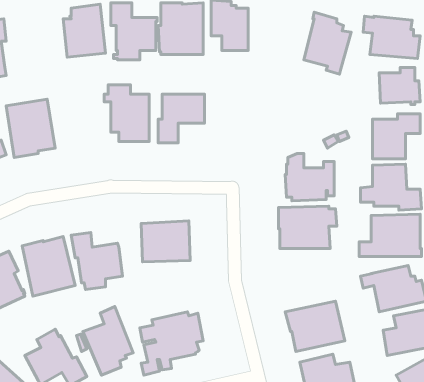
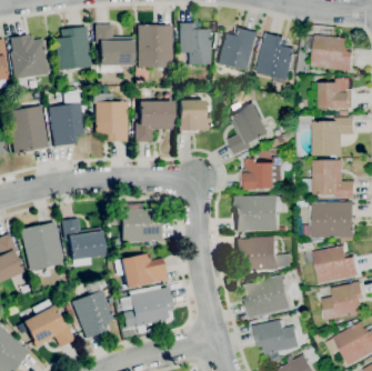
building: none -> [217,28,259,71]
building: none -> [10,33,48,78]
building: none -> [48,90,84,147]
building: none -> [177,100,209,133]
building: none -> [228,104,270,156]
building: none -> [237,237,291,271]
building: none -> [113,252,167,288]

